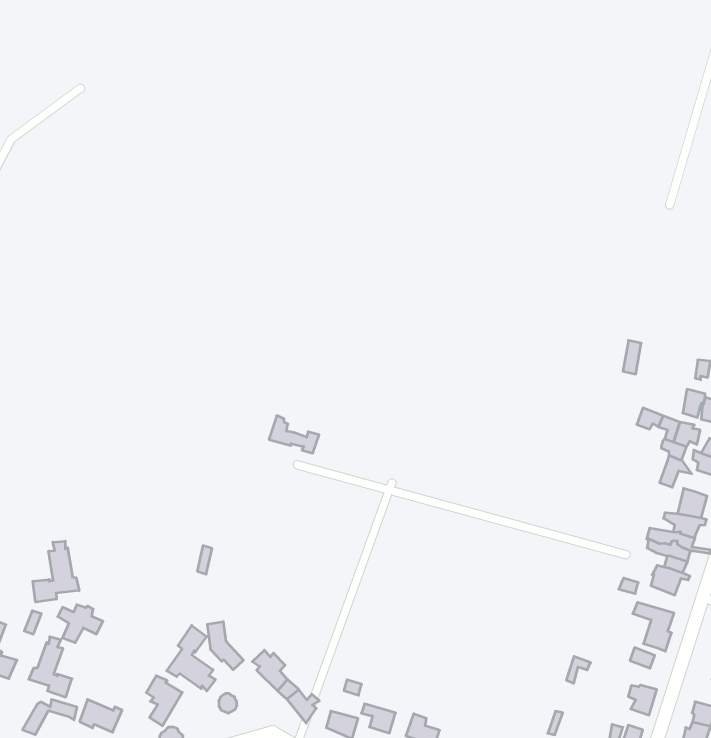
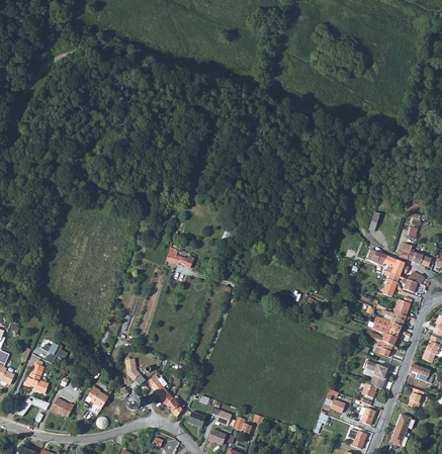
building: [33,541,79,602] -> none
building: [167,625,215,691] -> none

